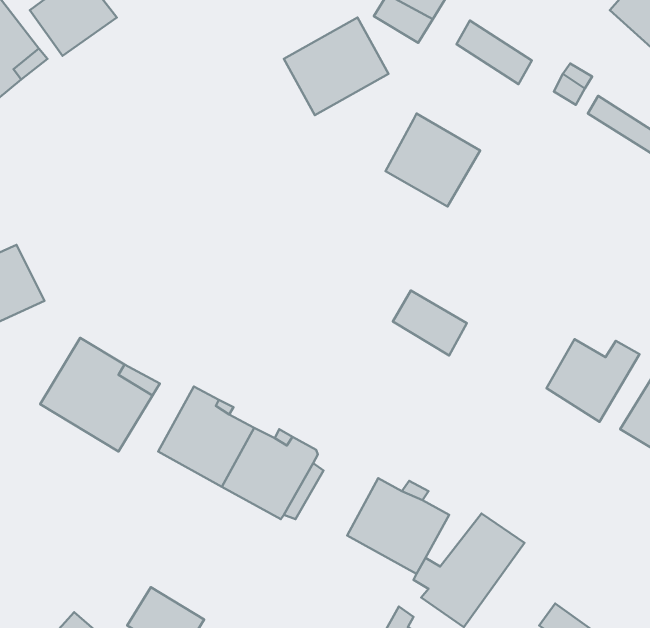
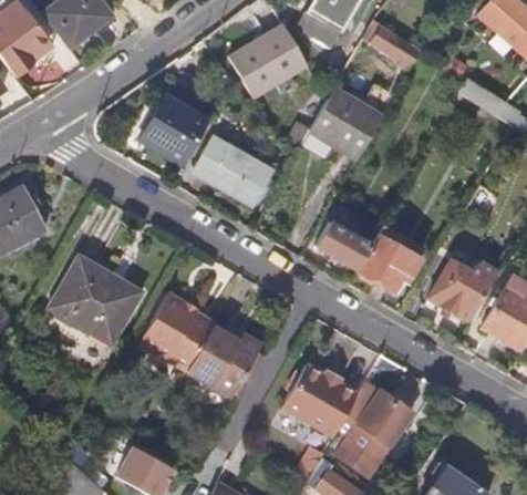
building: none -> [138,94,206,162]
building: none -> [196,137,271,203]
building: none -> [358,225,426,296]

